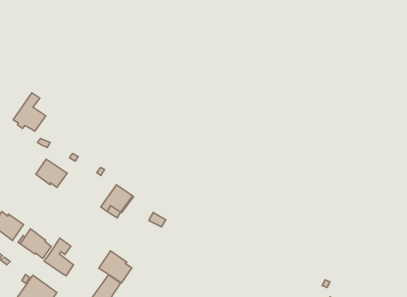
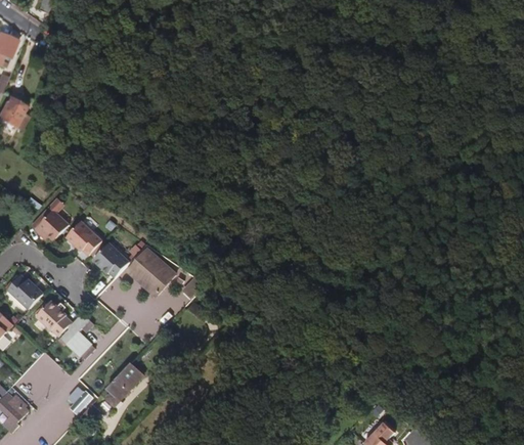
building: [13,93,46,131] -> [31,196,69,240]
building: none -> [92,241,128,276]
building: none -> [124,252,156,284]
building: [99,251,132,283] -> none

